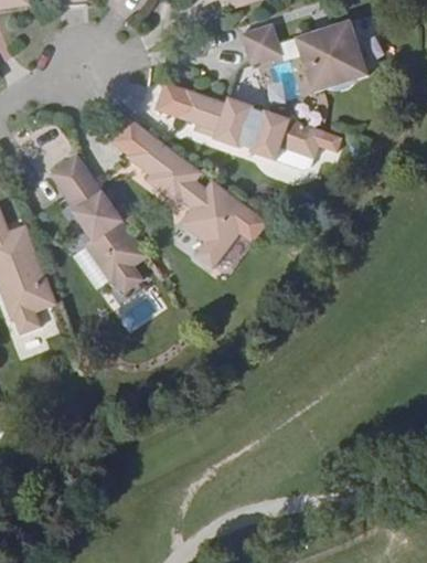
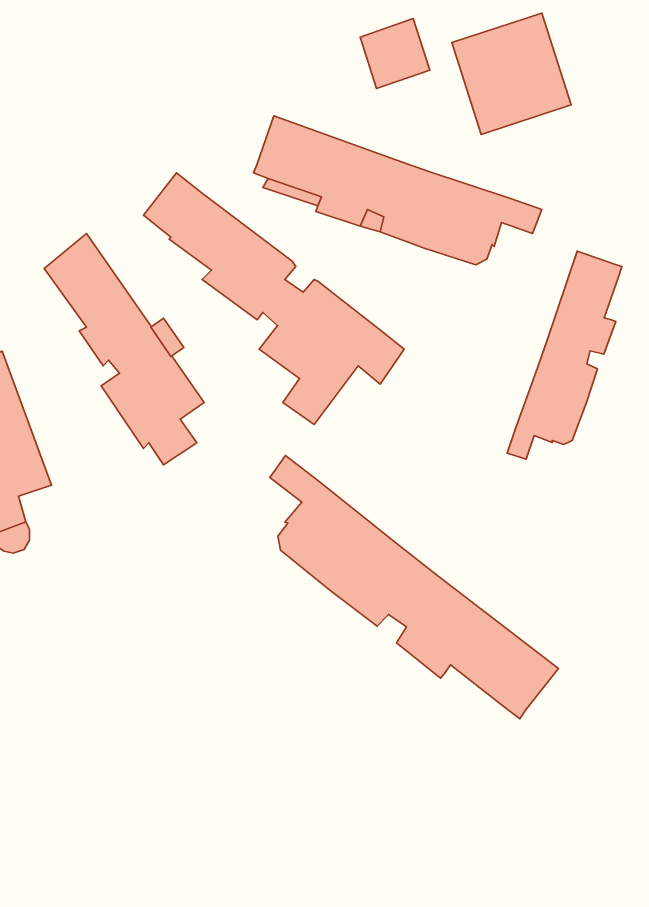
building: none -> [507,251,622,459]
building: none -> [270,456,558,719]

